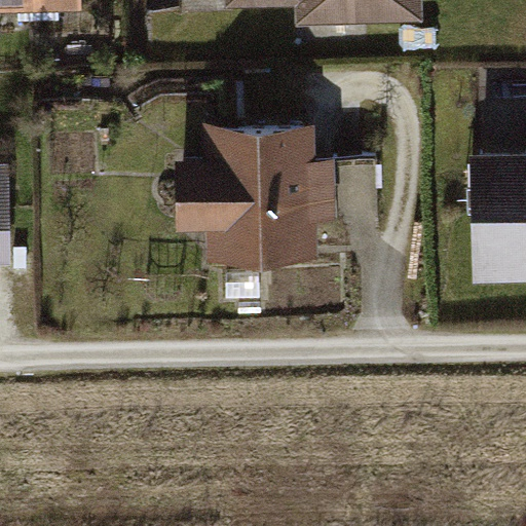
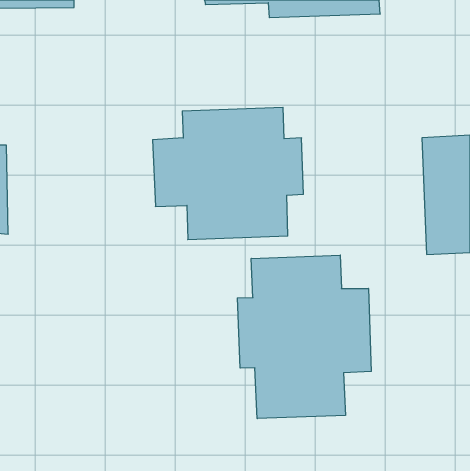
building: none -> [237,255,371,419]

